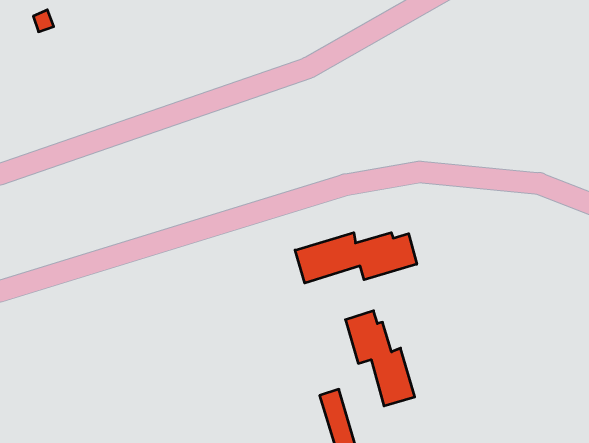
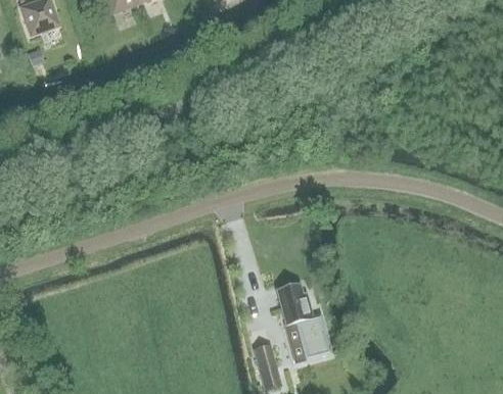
building: [295,233,417,283] -> none

